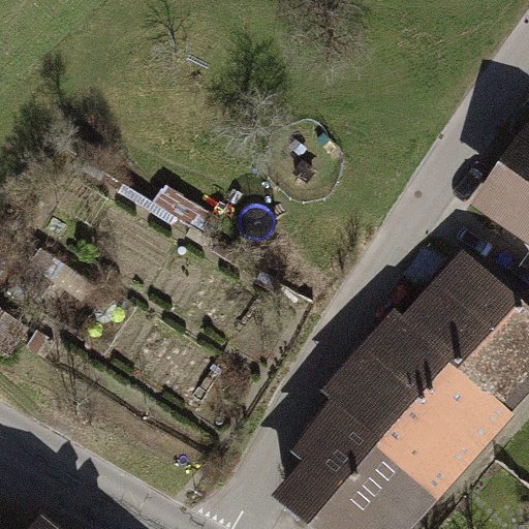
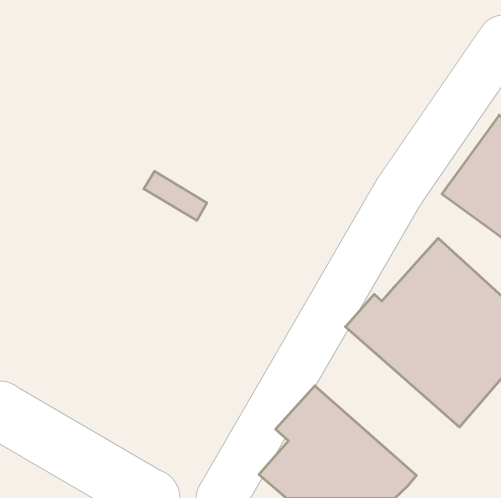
building: [320,343,485,499] -> none

